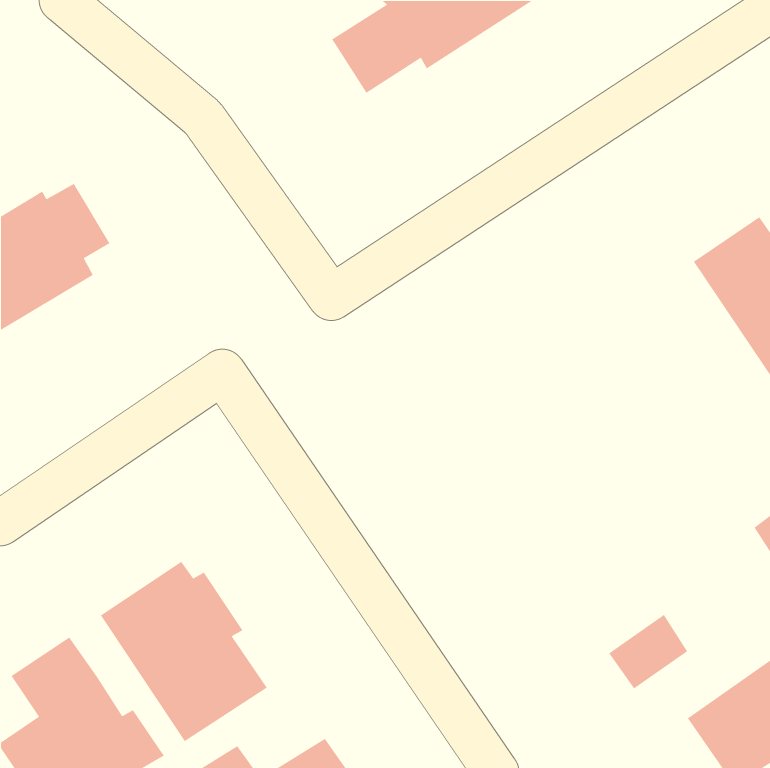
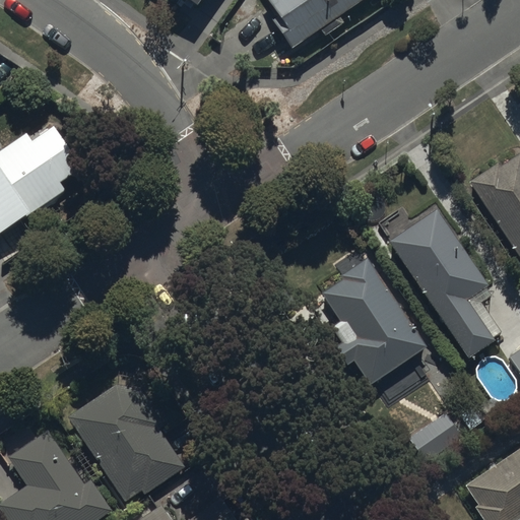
building: none -> [389,209,496,360]
building: none -> [321,256,430,390]

